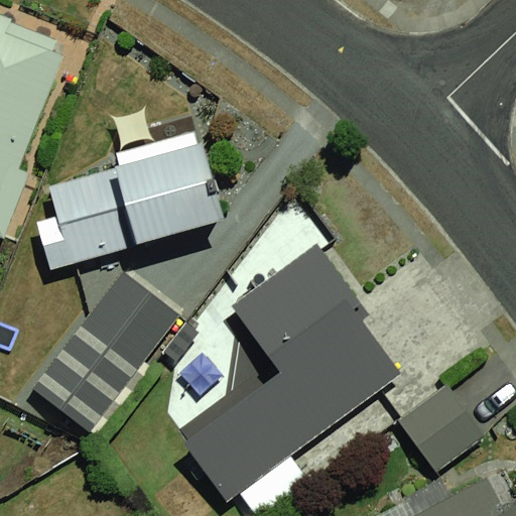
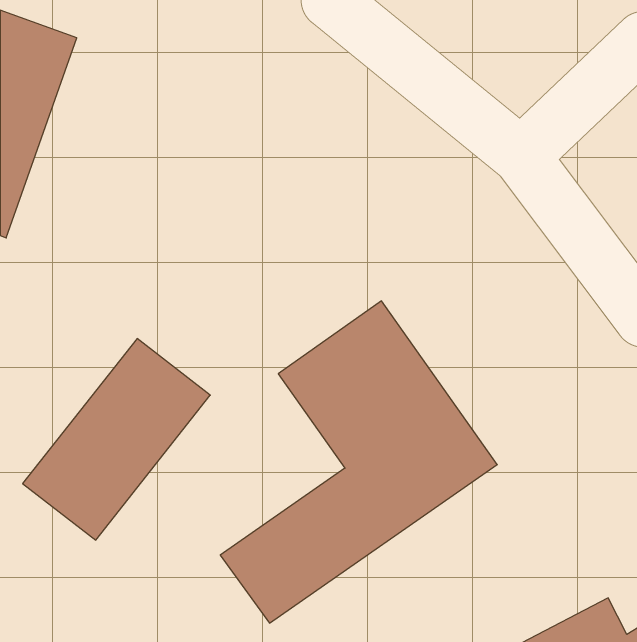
building: [46,131,237,269] -> none
building: [410,387,497,476] -> none

